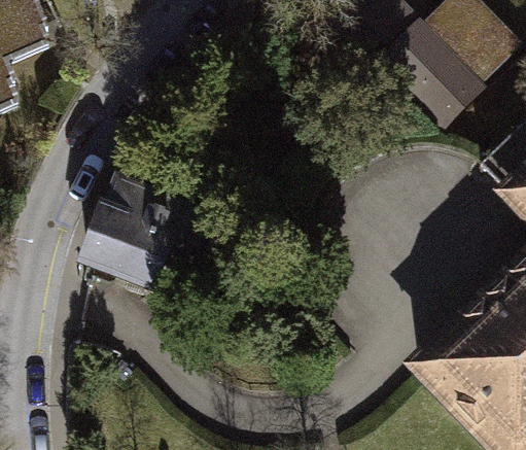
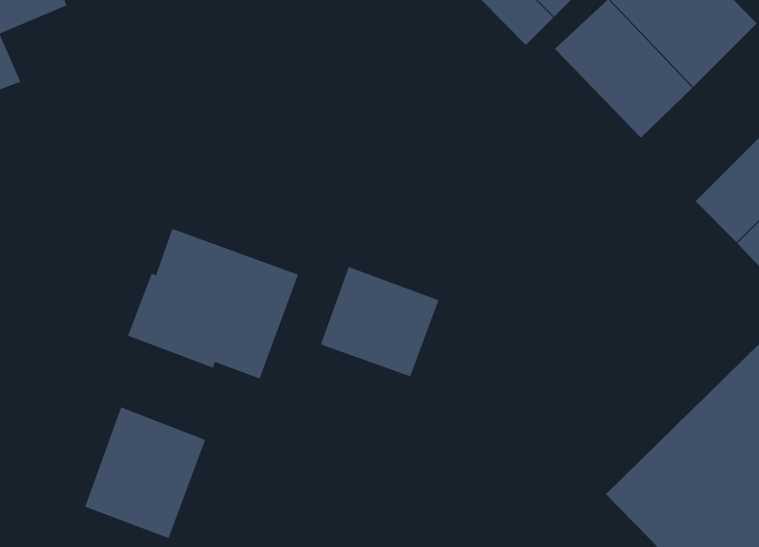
building: none -> [320,266,439,377]
building: none -> [85,406,206,539]

